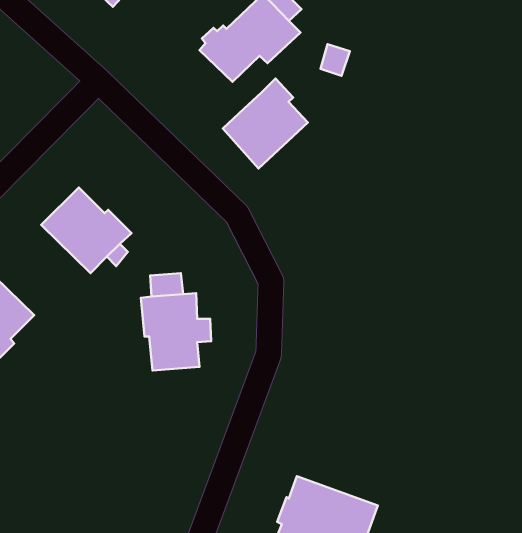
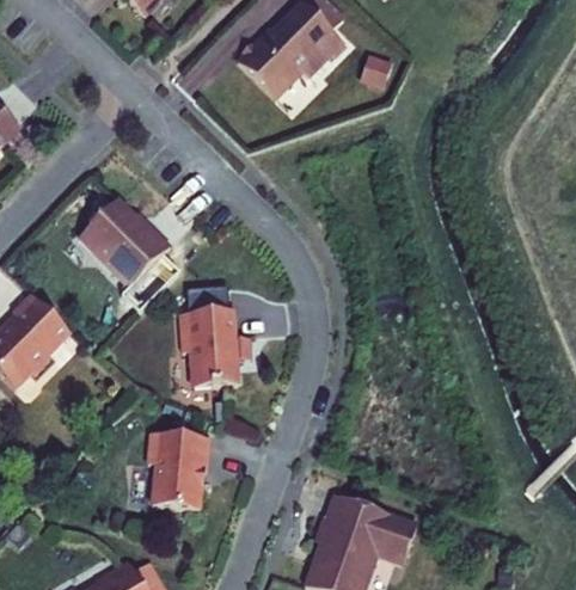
building: [223,79,308,168] -> none
building: none -> [146,430,208,508]

